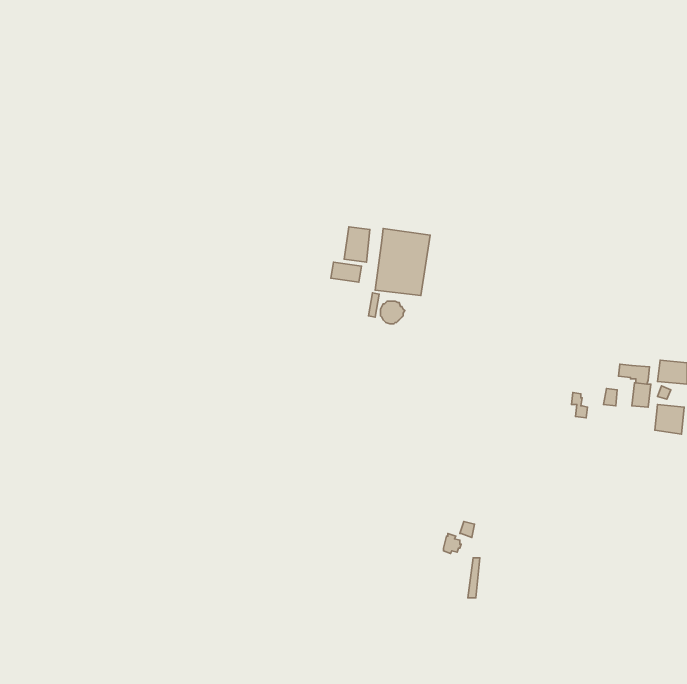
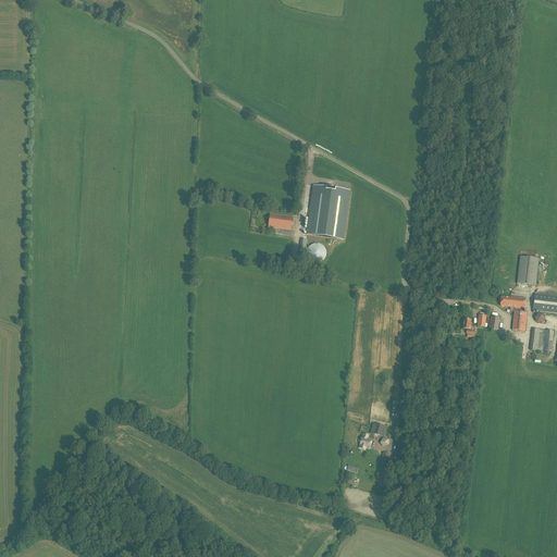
building: [344,227,370,262] -> none
building: none -> [517,255,539,284]

